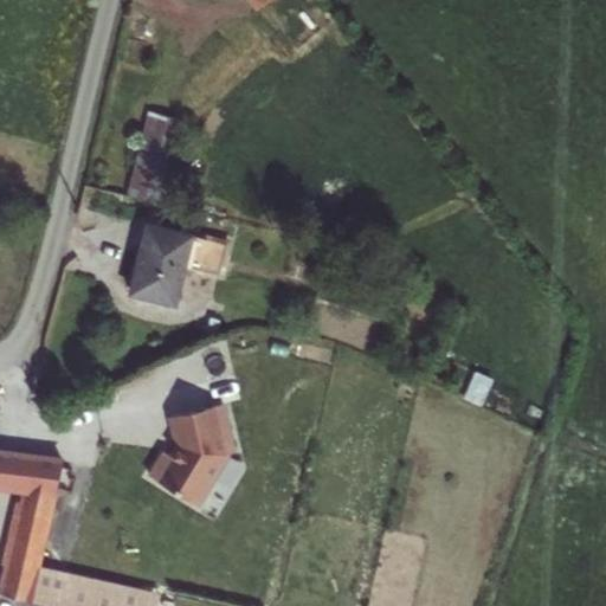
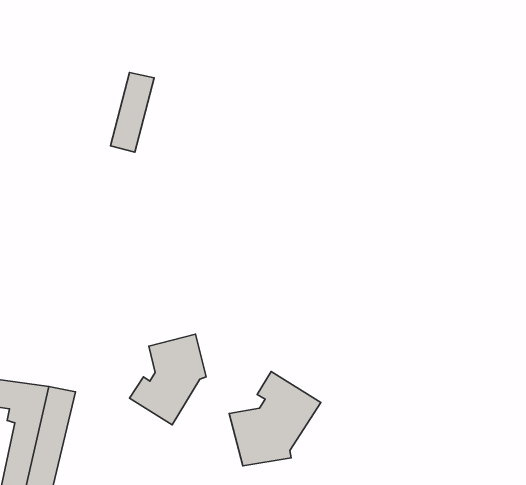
building: [127,225,224,304] -> none
building: none -> [229,371,321,466]

